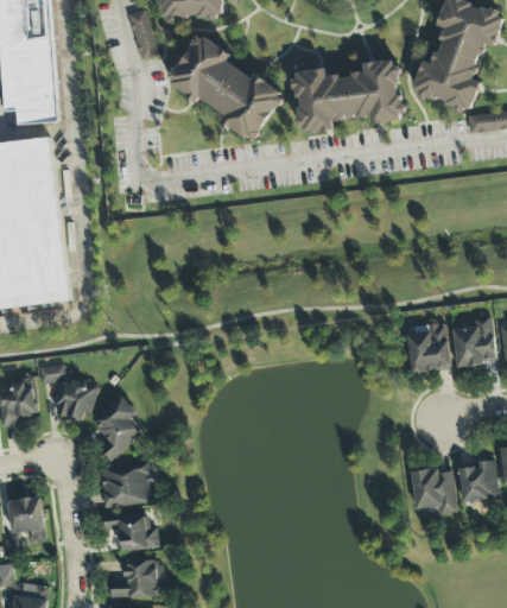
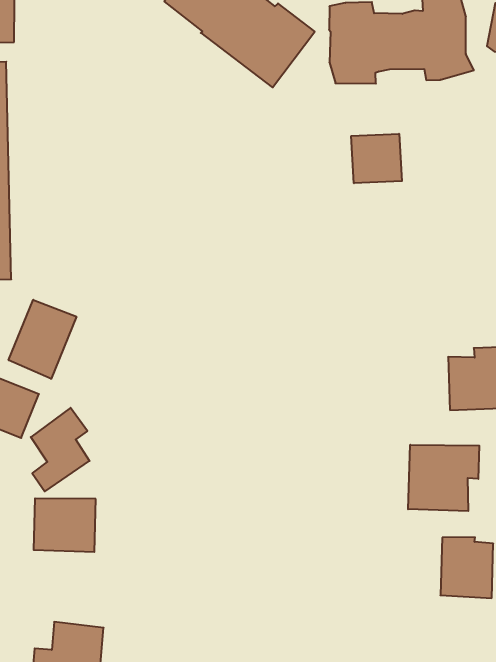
building: none -> [351,134,402,183]
building: none -> [9,300,76,379]
building: none -> [408,445,479,511]
building: [102,509,158,551] -> none

